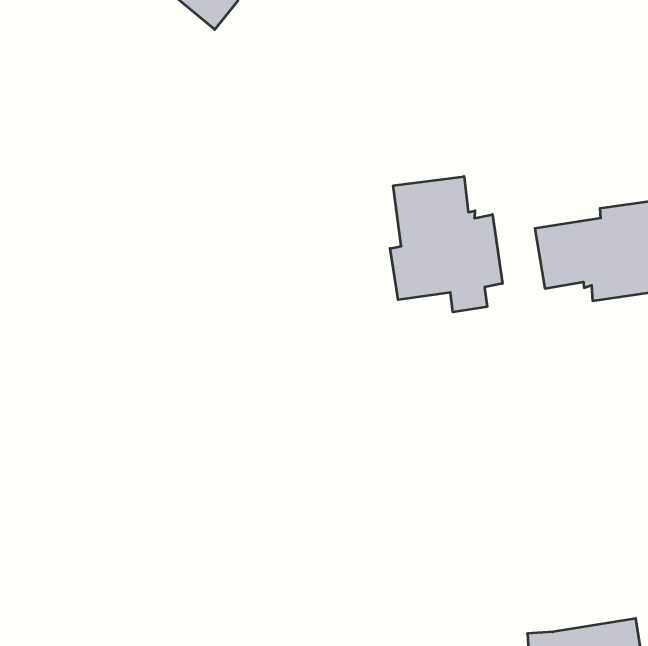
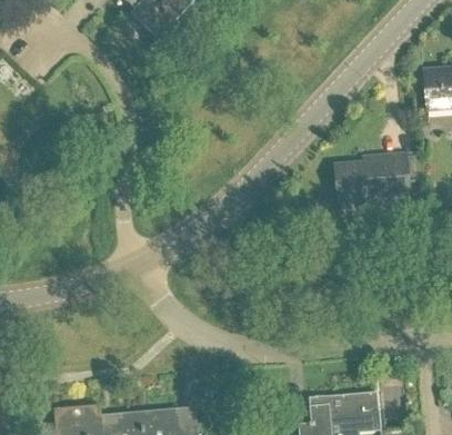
building: [390,176,502,312] -> none

